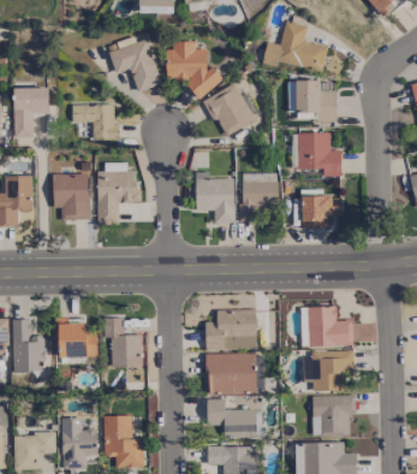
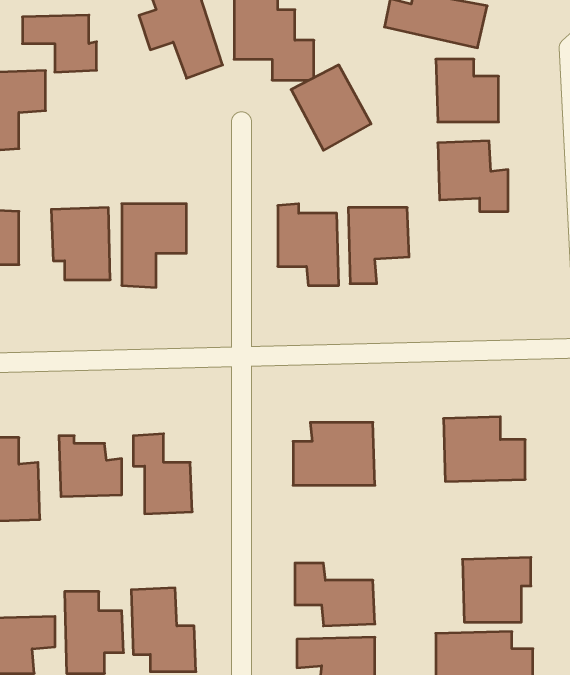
building: [72,103,119,140] -> [22,15,97,72]
building: [302,195,342,227] -> none
building: [303,351,353,390] -> none
building: [207,352,256,393] -> none

